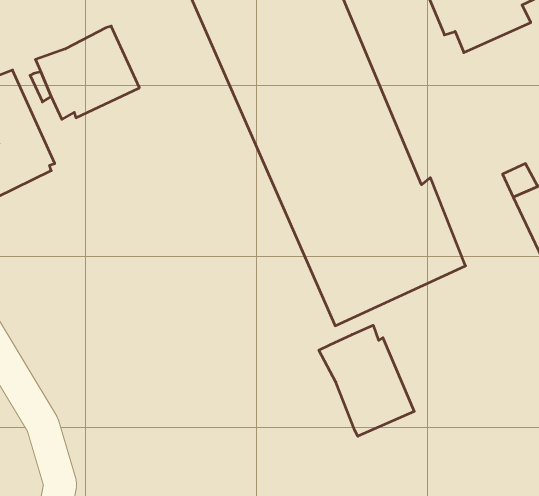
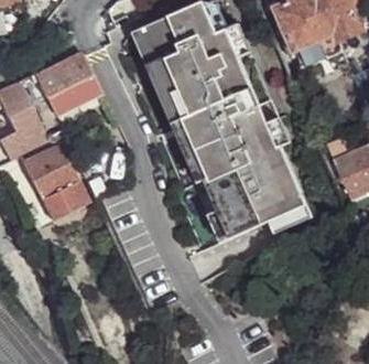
building: none -> [23,142,95,220]
building: [319,325,414,436] -> none

